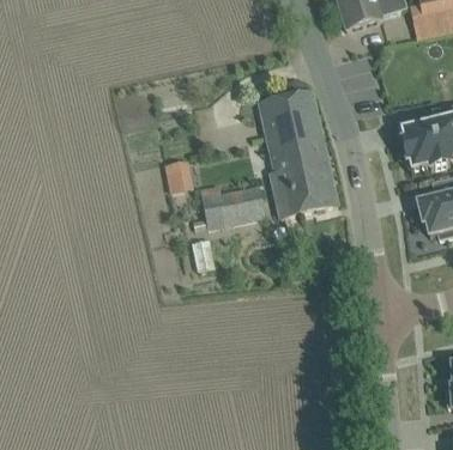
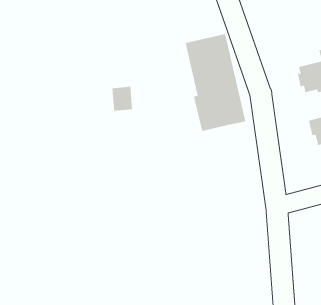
building: [203,178,268,223] -> none

